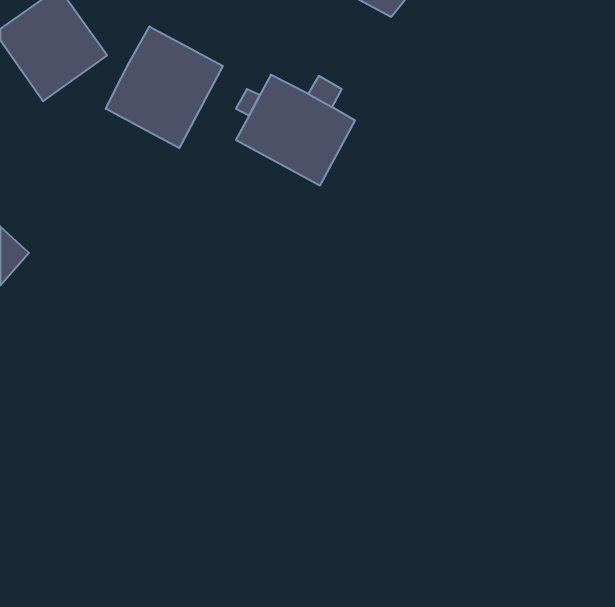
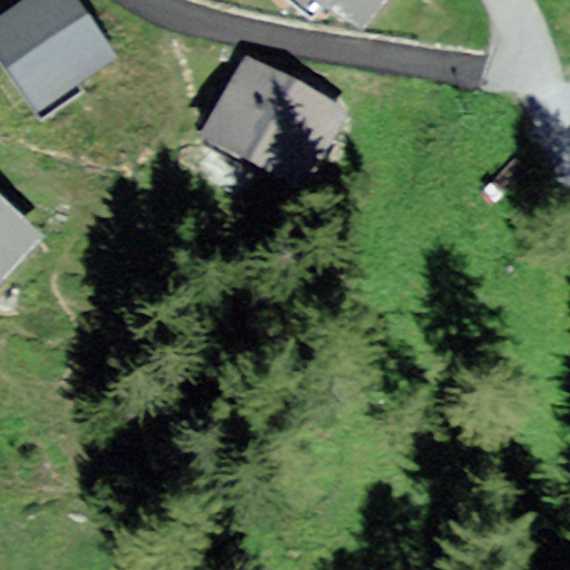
building: [106,26,223,148] -> none

